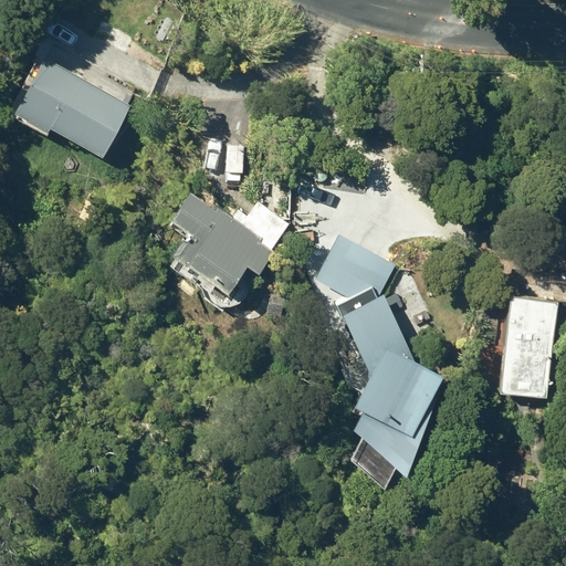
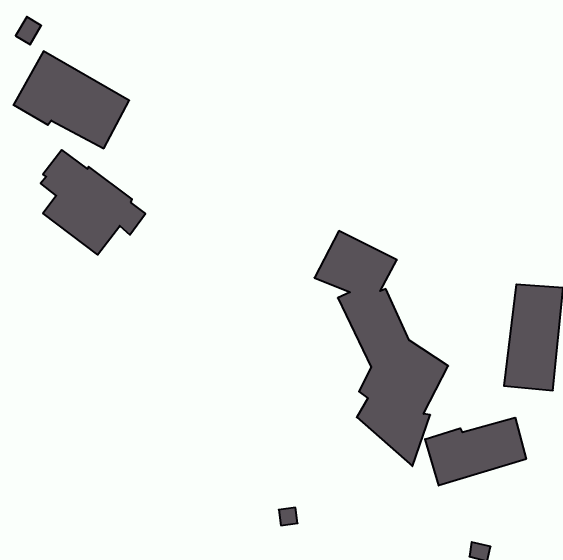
building: [168,192,272,296] -> [41,150,145,255]
building: none -> [425,418,526,486]

